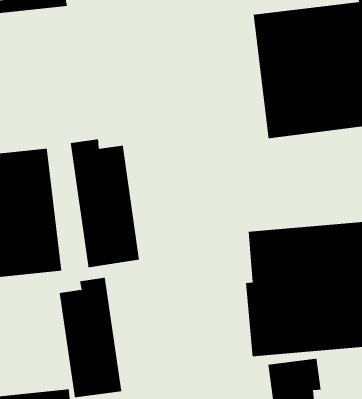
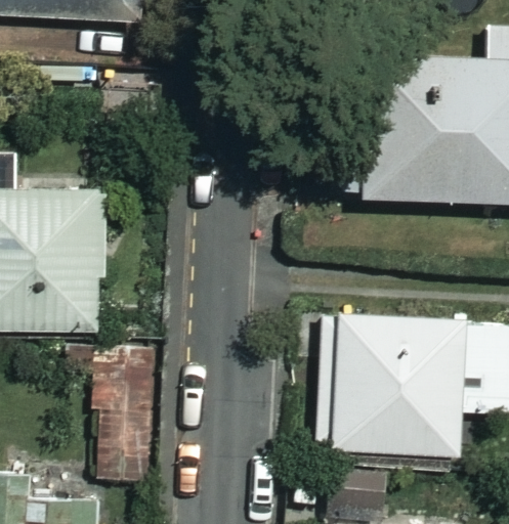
building: [70,139,139,268] -> none

